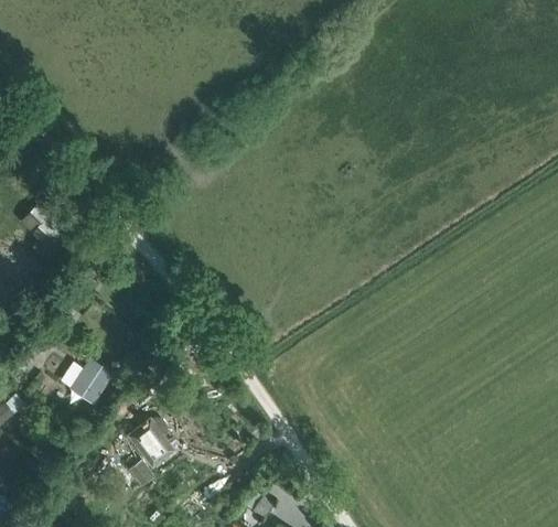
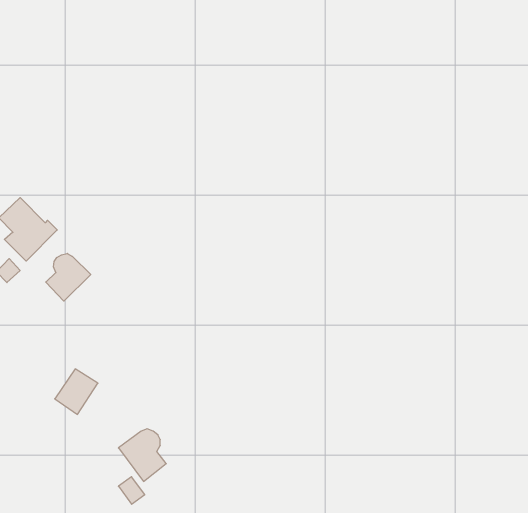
building: none -> [46,253,91,301]

